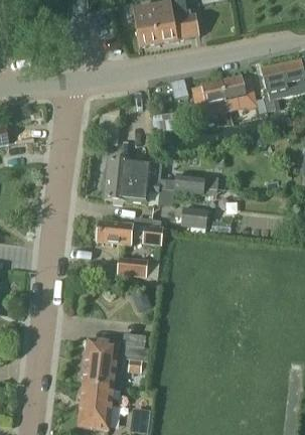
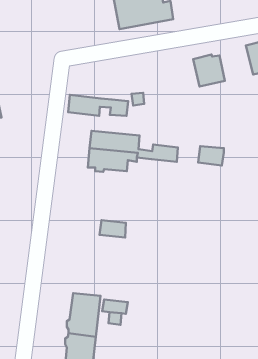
building: [262,63,287,111] -> none
building: [191,79,227,116] -> none
building: [179,206,207,228] -> [198,146,224,165]
building: [96,221,162,244] -> [68,95,128,116]

